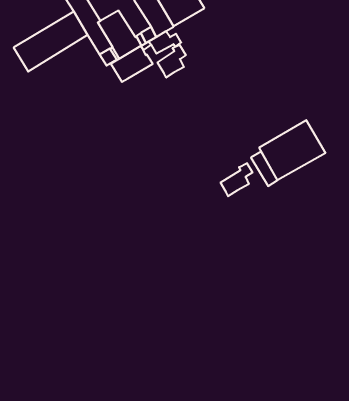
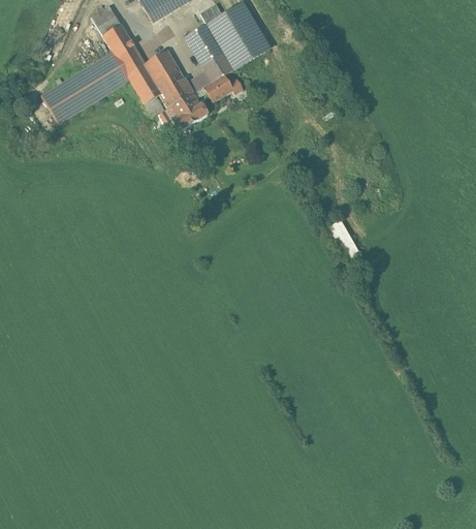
building: [158,45,186,78] -> none
building: [259,120,325,180] -> none
building: [221,163,252,196] -> none

